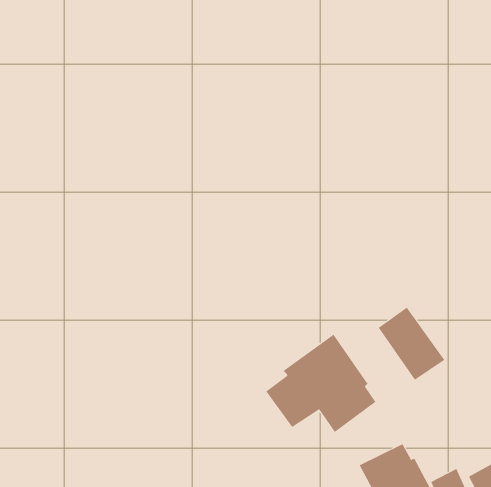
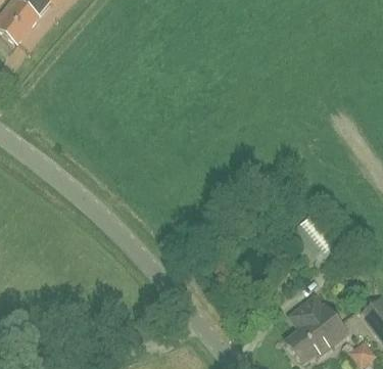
building: [266,334,376,433] -> none

